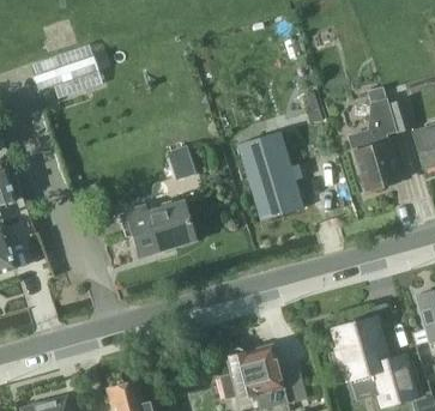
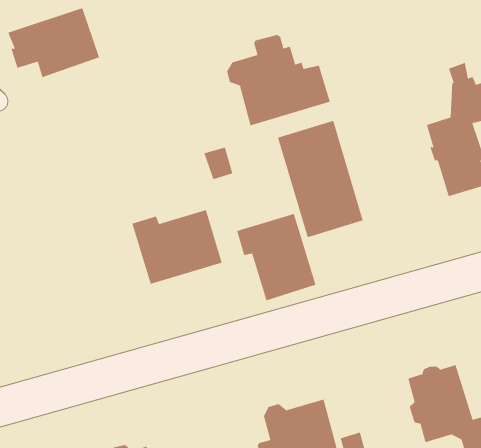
building: none -> [226,34,331,126]
building: none -> [236,213,316,301]

